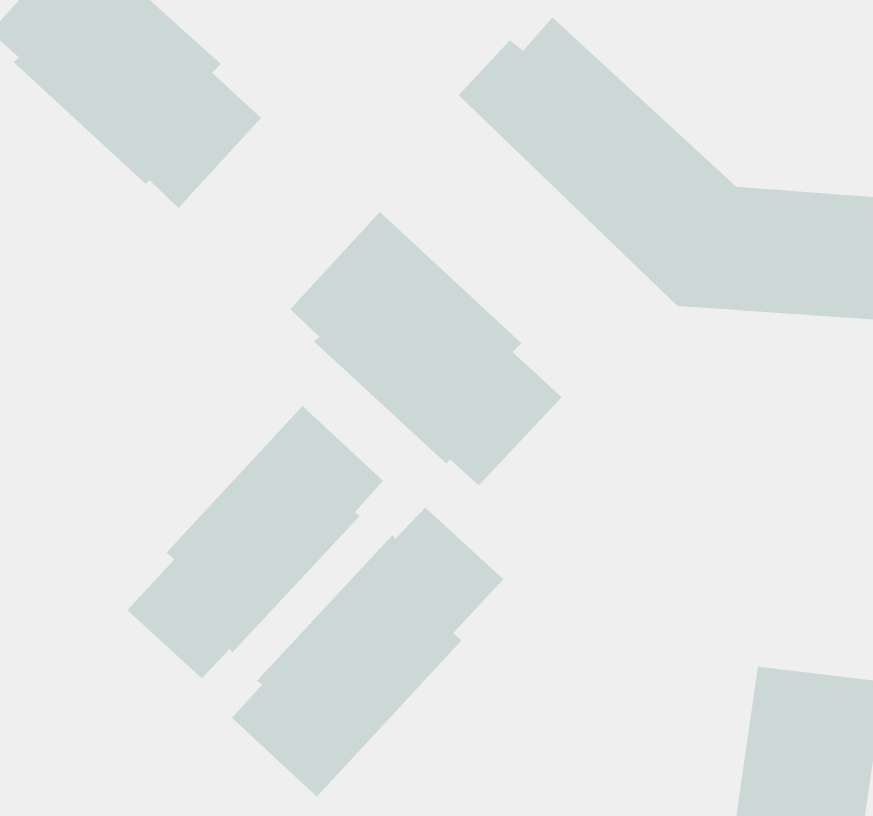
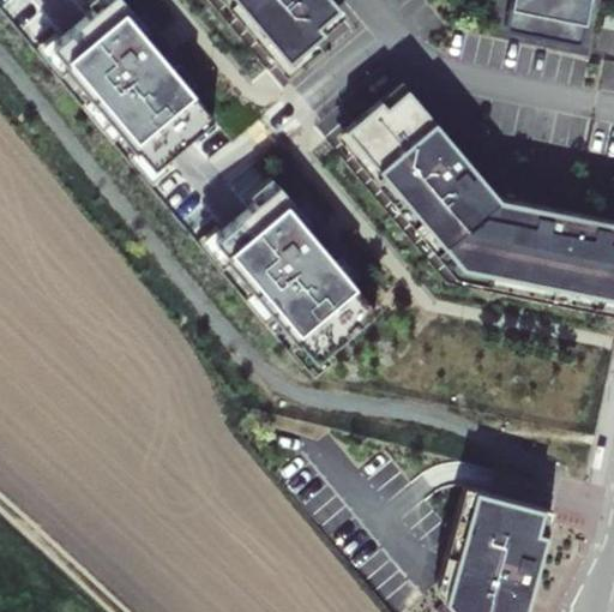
building: [127,405,384,679] -> none
building: [231,507,504,797] -> none

